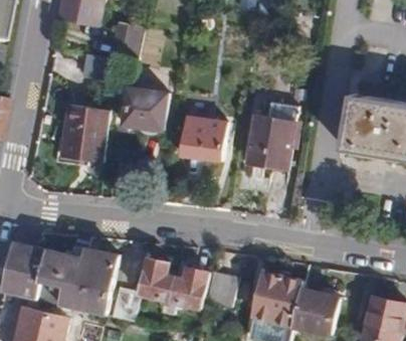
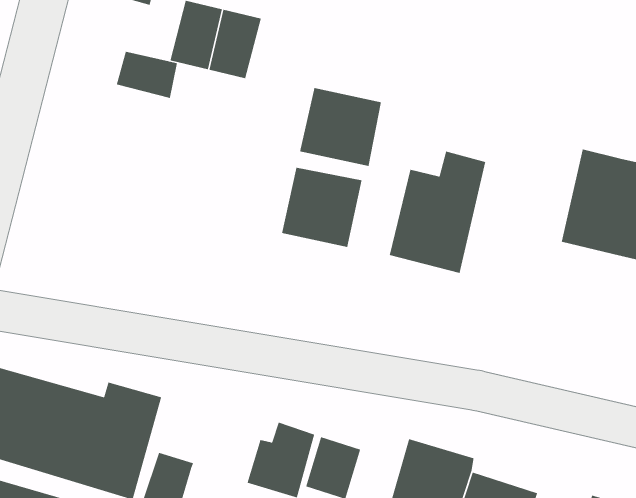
building: [122,87,168,131] -> [299,87,382,167]
building: [57,106,108,168] -> none
building: [138,254,176,302] -> none

